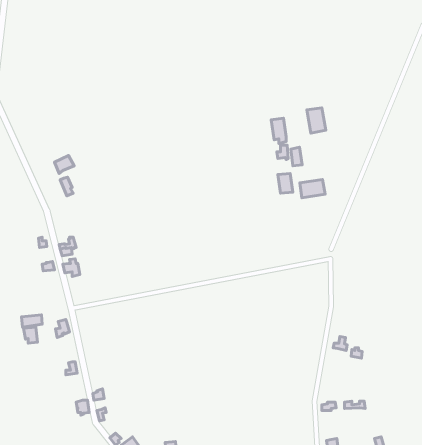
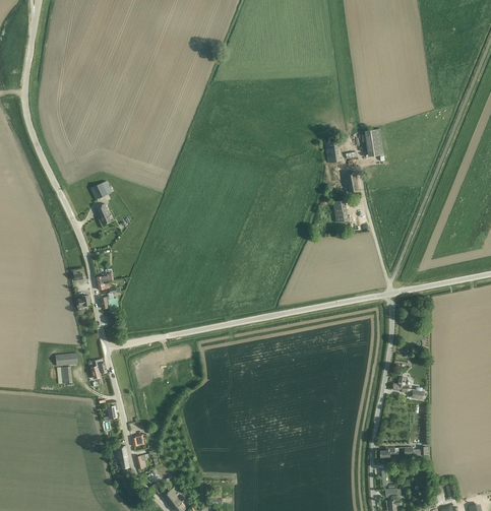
building: [300,180,325,198] -> none

